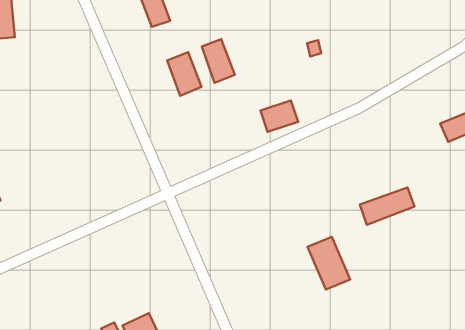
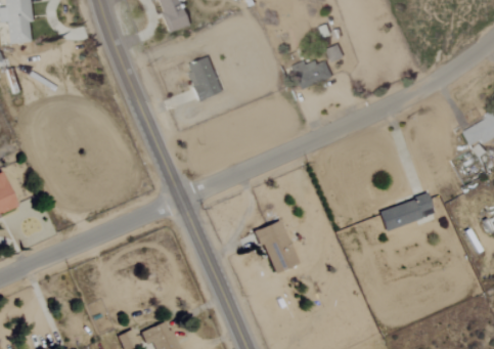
building: [202,39,235,83] -> none
building: [260,100,298,132] -> [294,57,331,89]
building: [307,237,350,290] -> [257,220,300,273]

